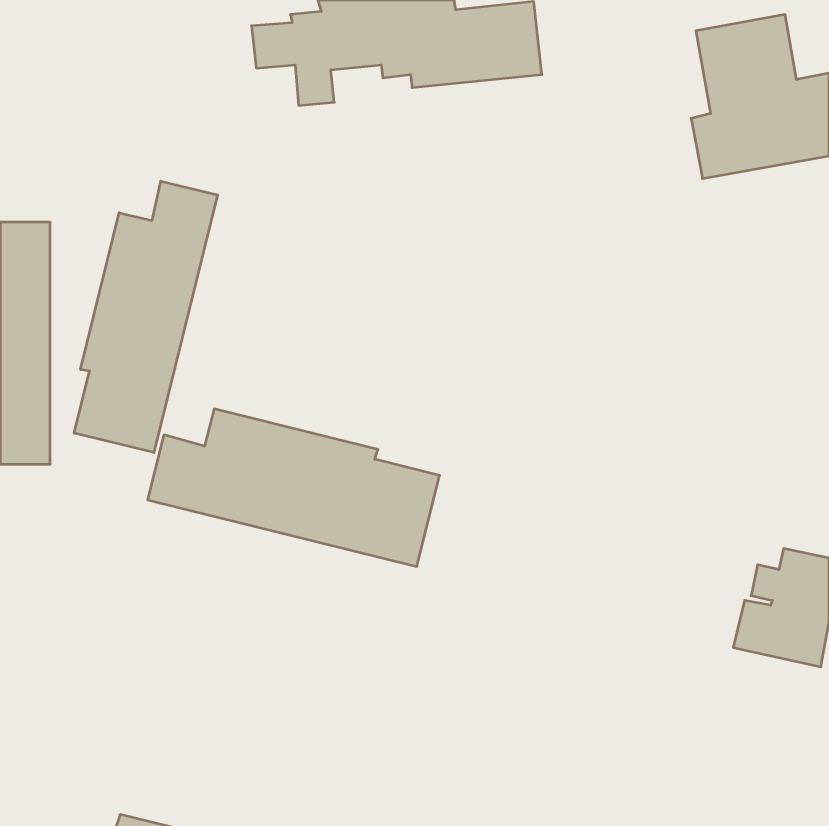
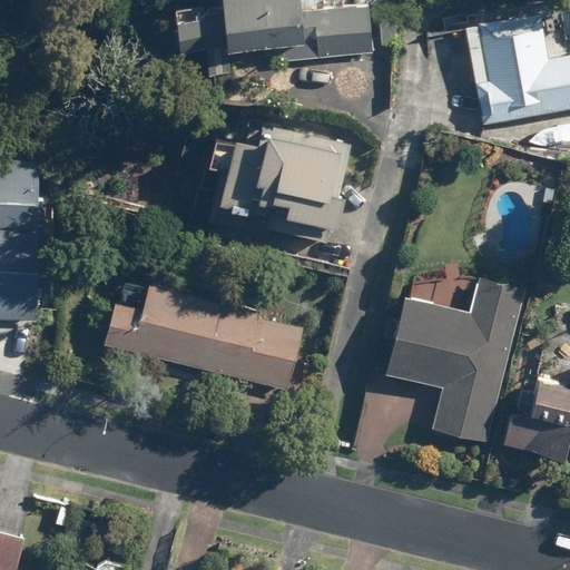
building: none -> [206,126,350,243]
building: [74,181,218,453] -> none
building: none -> [382,277,524,444]

